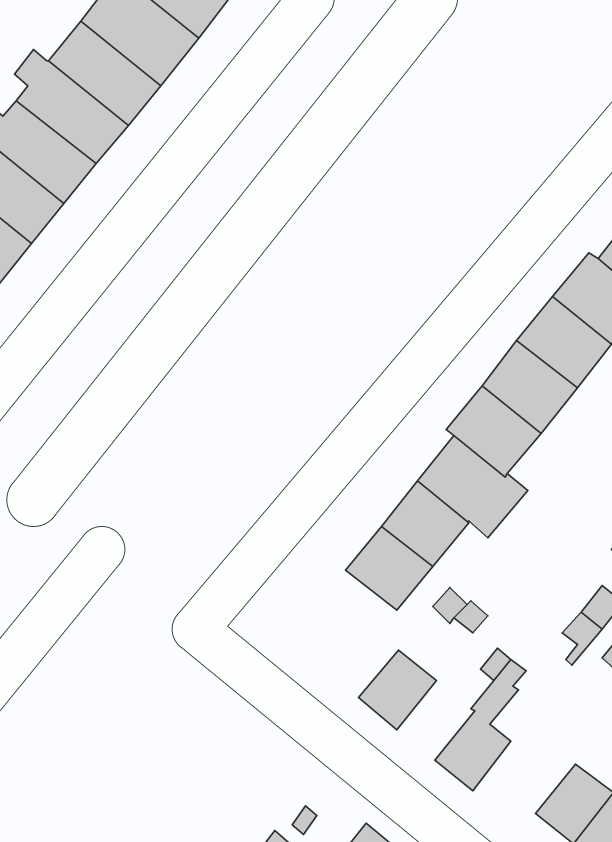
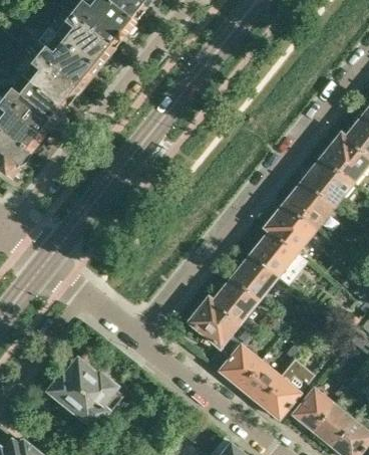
building: none -> [189,298,239,348]
building: none -> [48,360,121,428]
building: none -> [239,361,280,403]
building: none -> [292,388,333,431]

